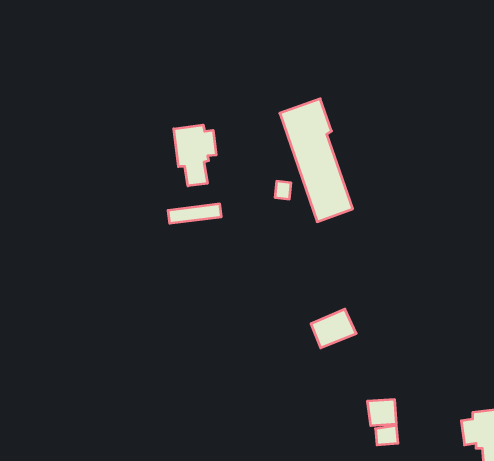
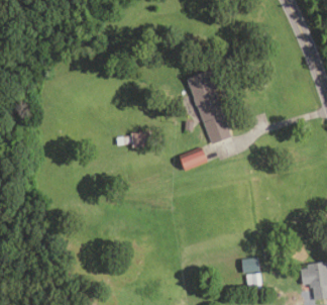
building: [174,125,216,186] -> none
building: [311,309,356,348] -> [180,147,208,172]

